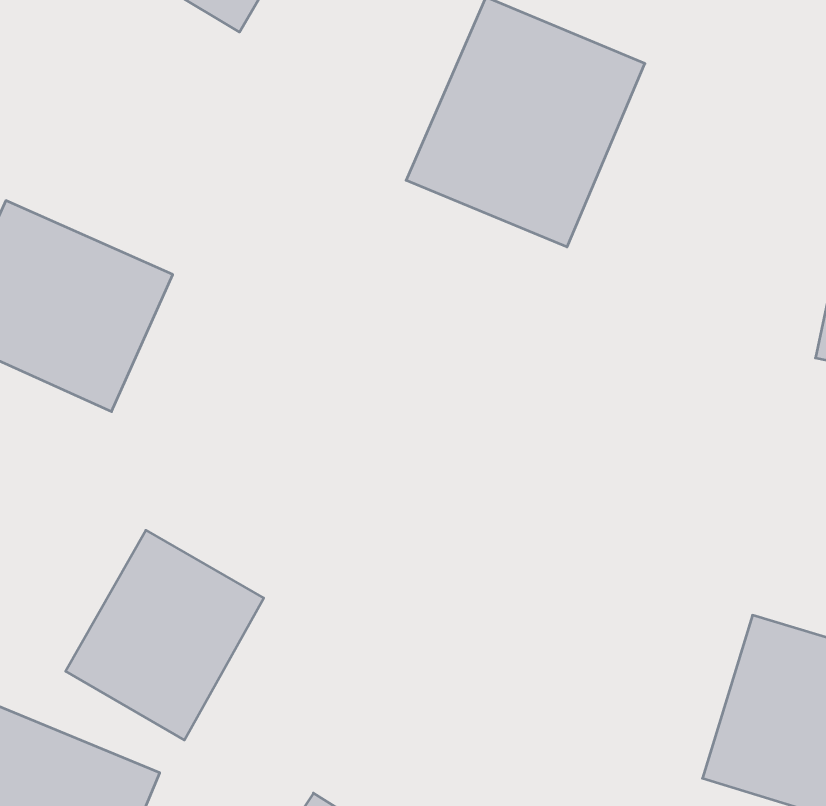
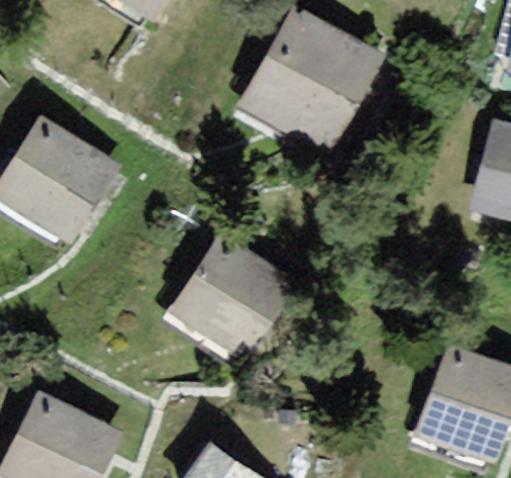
building: none -> [165,235,300,368]
building: [66,530,264,740] -> none

